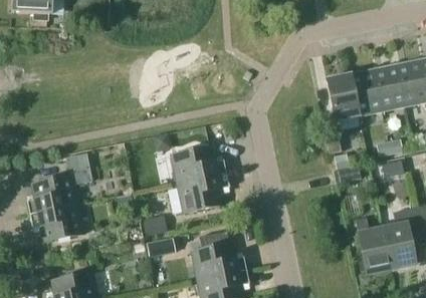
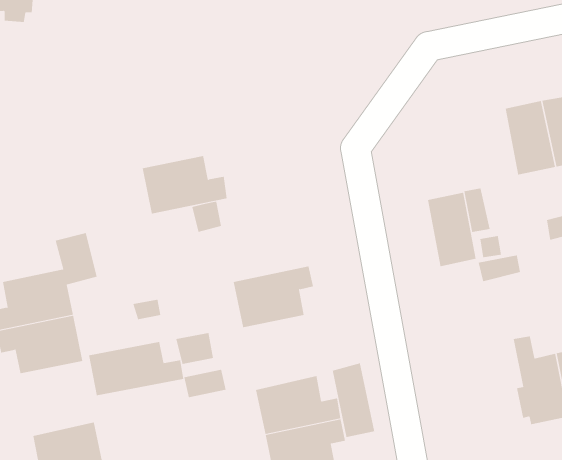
building: [327,73,358,120] -> [427,192,476,267]
building: [172,145,226,183] -> [142,155,228,214]
building: none -> [88,341,184,396]
building: none -> [332,363,375,438]

